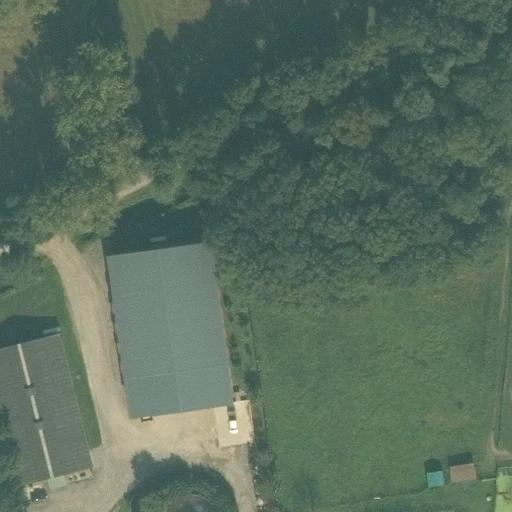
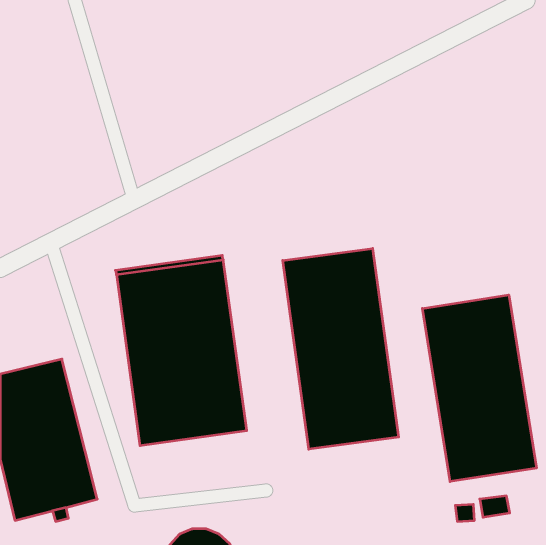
building: none -> [283,248,399,449]
building: none -> [422,295,536,482]

